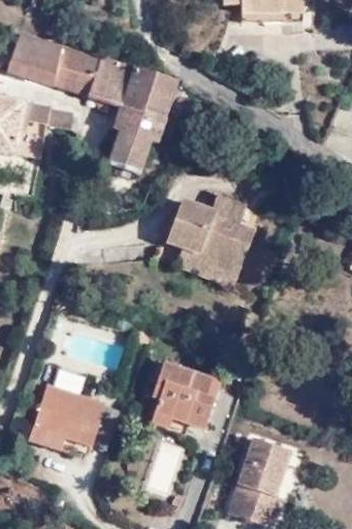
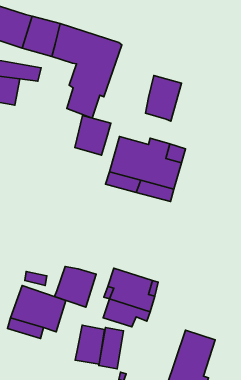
building: none -> [145,76,182,121]
building: none -> [75,116,111,155]
building: none -> [55,266,96,307]
building: none -> [75,325,104,364]

